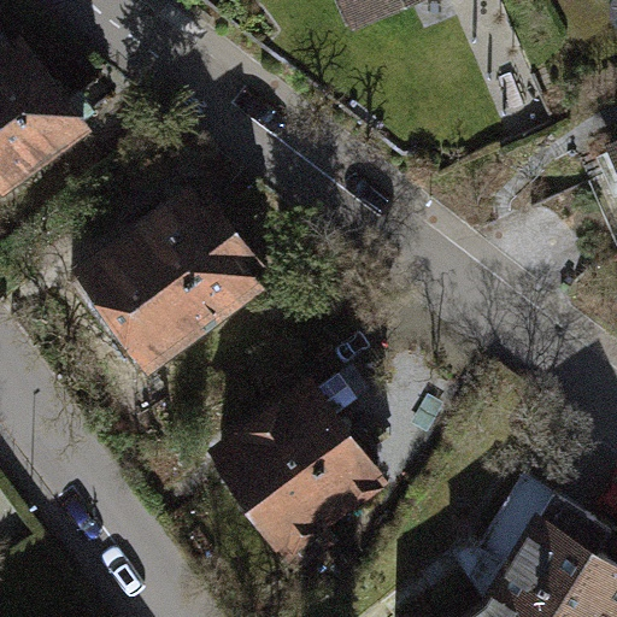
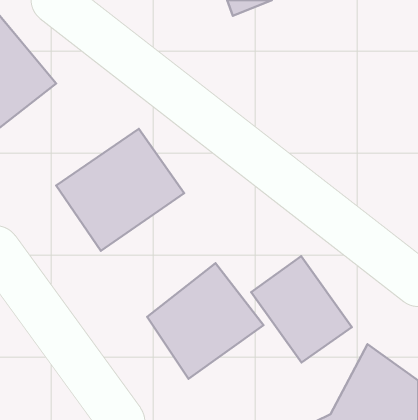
building: none -> [251,256,352,362]

